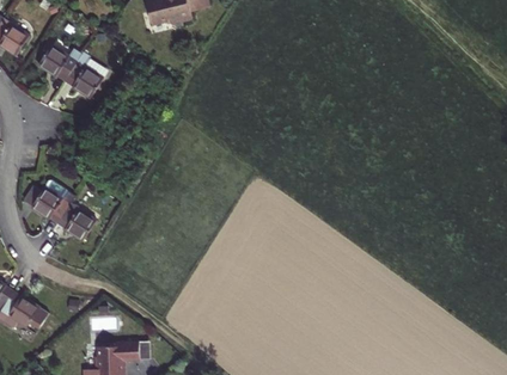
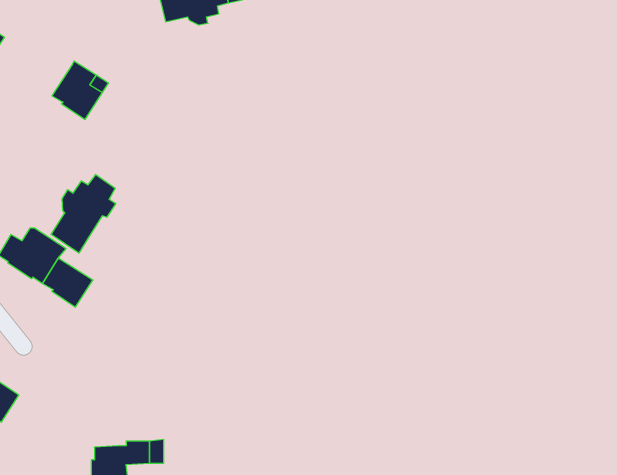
building: [38,44,80,80] -> none
building: none -> [51,174,116,253]

